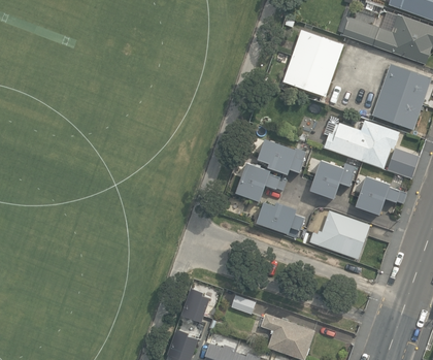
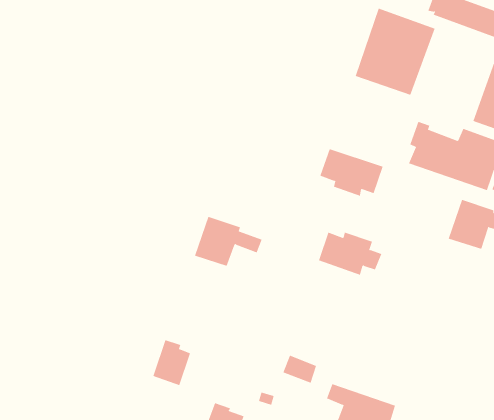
building: [309,159,355,198] -> none
building: [235,162,287,200] -> [194,216,263,267]
building: [308,209,368,258] -> none
building: [182,288,211,323] -> [153,339,191,386]

